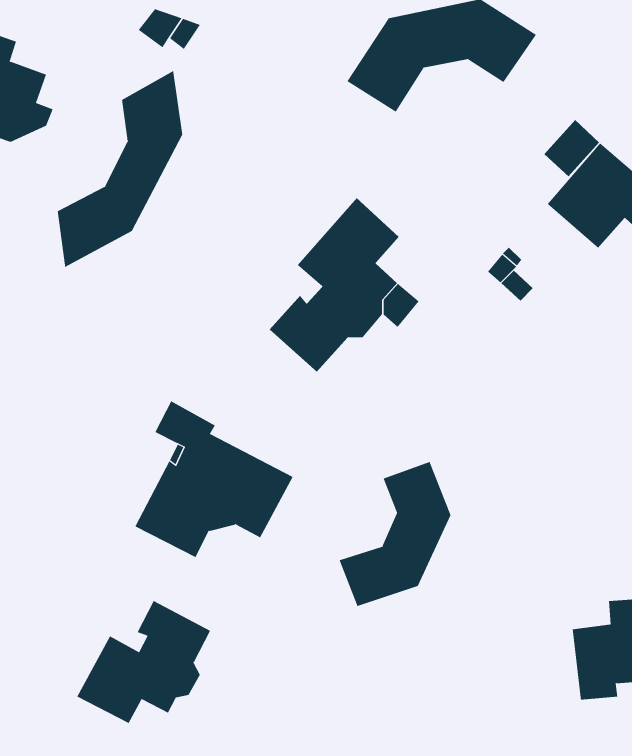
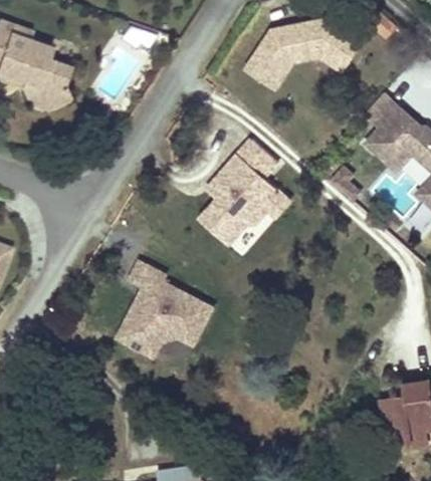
building: [57,70,183,268] -> none
building: [339,461,451,607] -> none
building: [77,600,211,724] -> none

